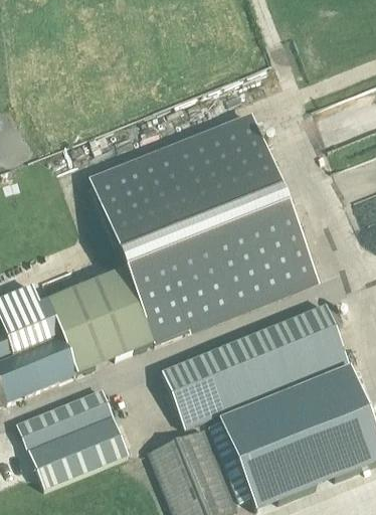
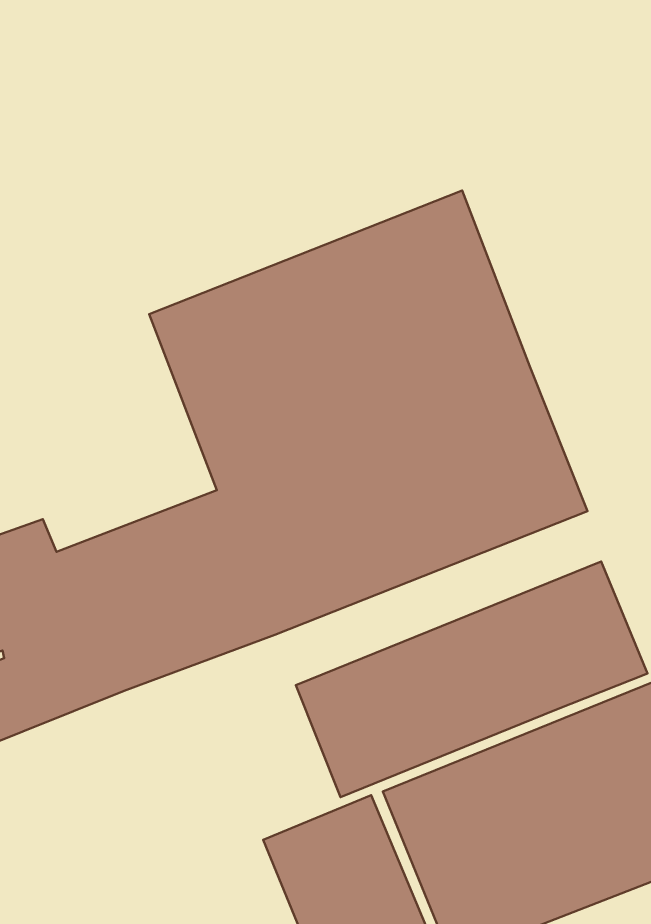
building: [19,390,129,489] -> none

